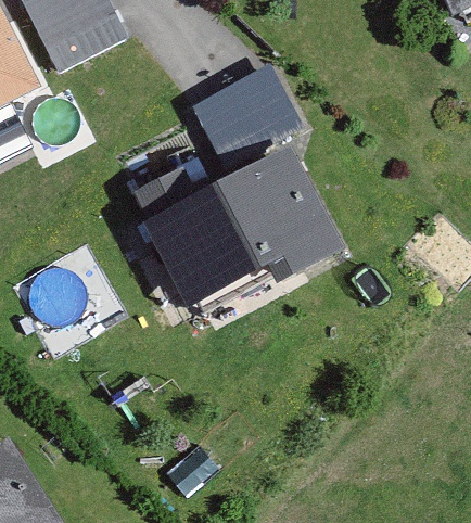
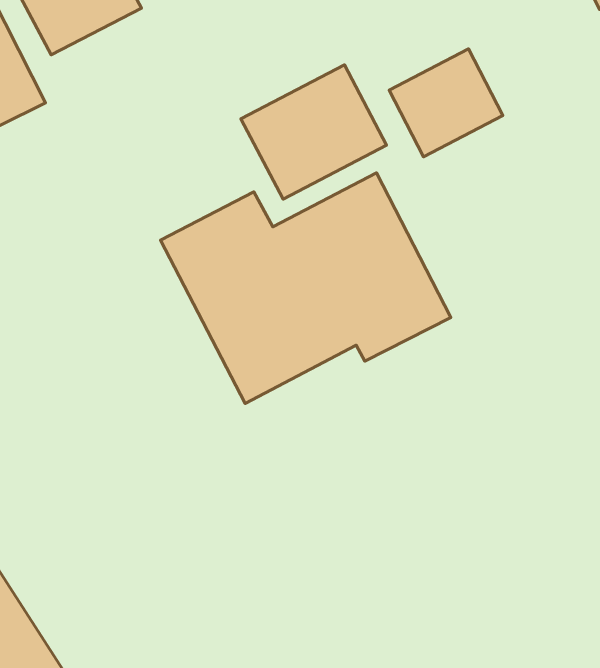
building: none -> [389,49,503,157]

